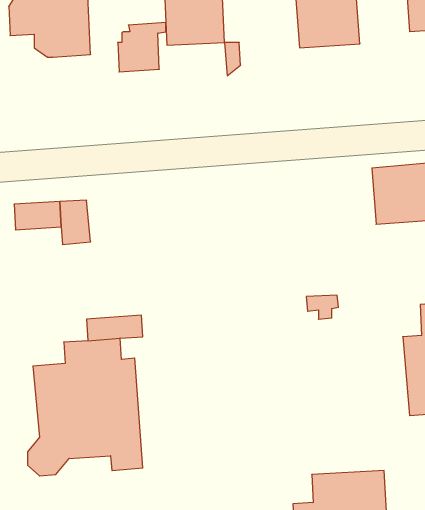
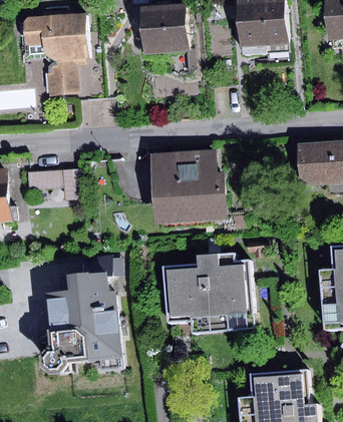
building: [118,22,166,72] -> [49,58,85,95]
building: none -> [152,149,227,223]
building: none -> [162,252,253,333]

